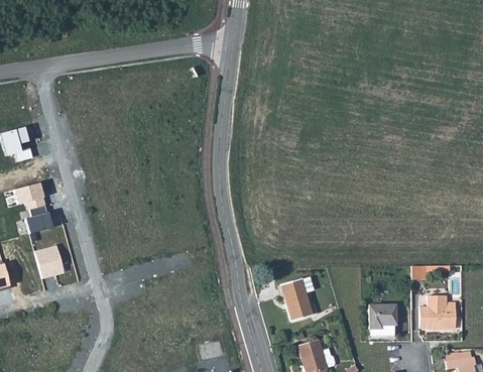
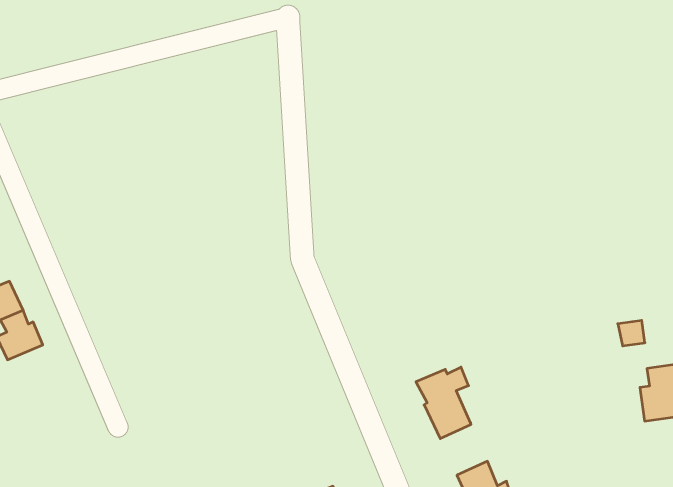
building: [35,246,65,279] -> none
building: [369,304,395,335] -> none

